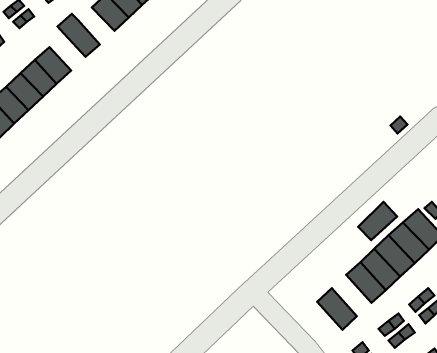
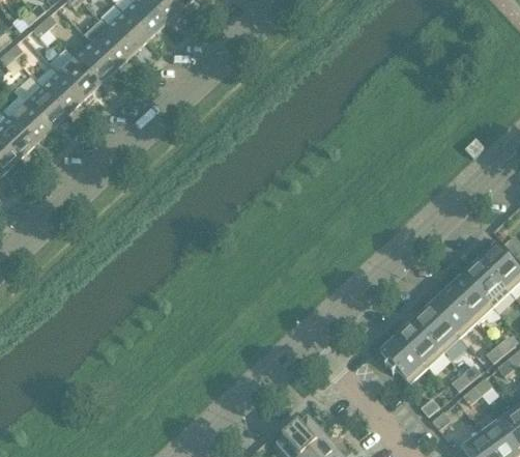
building: none -> [105,12,146,55]
building: none -> [71,42,113,85]
building: [358,202,397,240] -> none
building: none -> [396,320,441,368]

